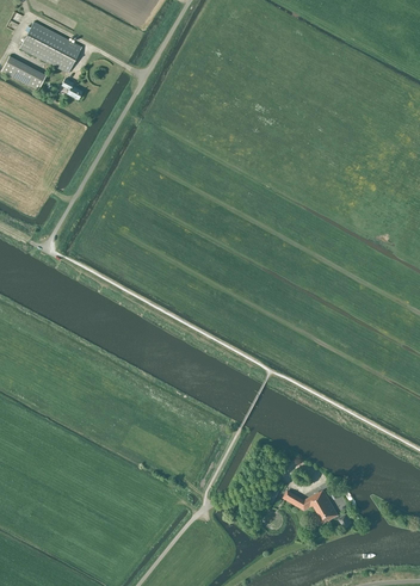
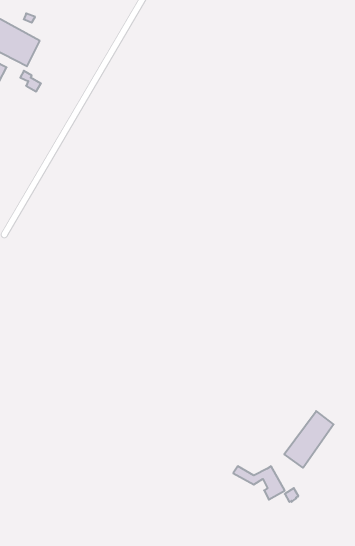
building: none -> [284,411,334,468]

